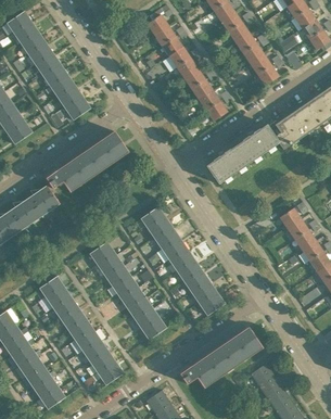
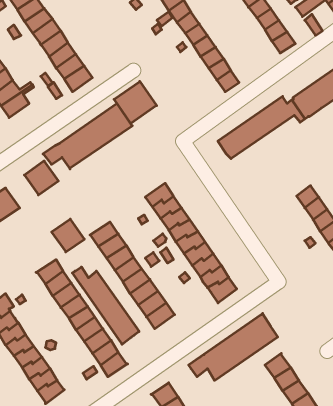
building: none -> [114,81,157,123]
building: [11,198,41,228] -> [52,219,84,252]
building: none -> [72,267,139,344]

